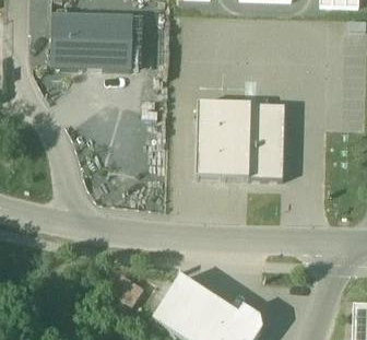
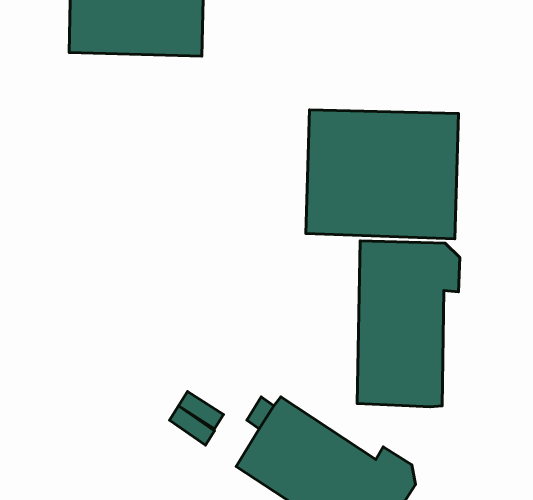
building: none -> [357,241,460,407]

